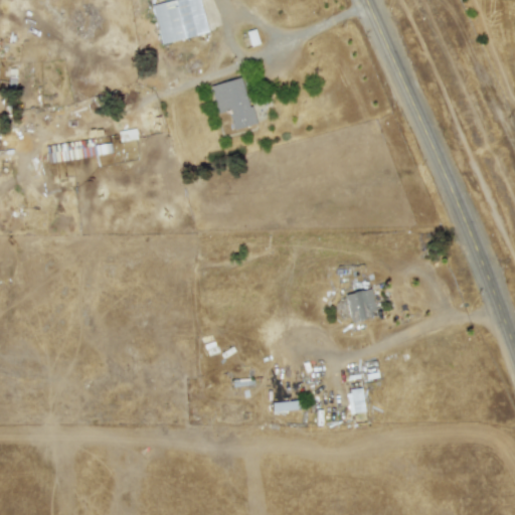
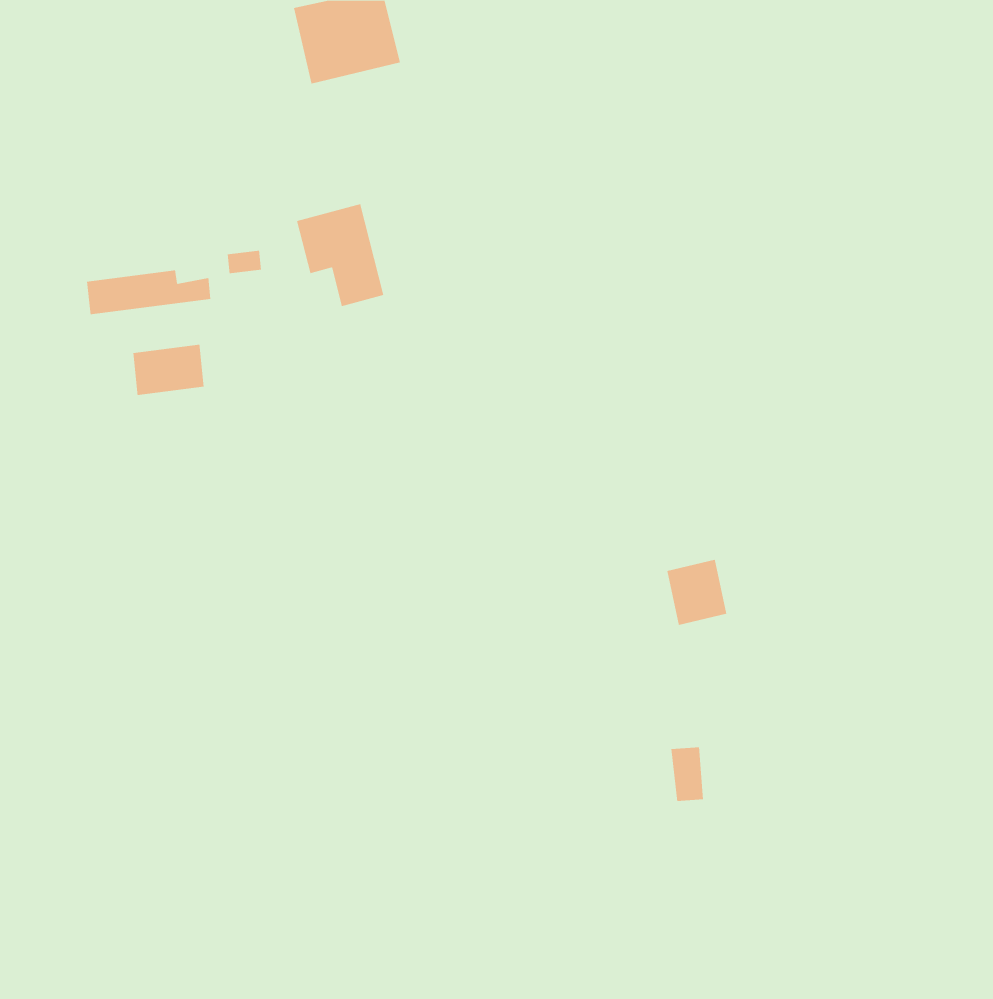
building: [211,76,256,130] -> [296,203,384,307]
building: none -> [133,344,204,396]

